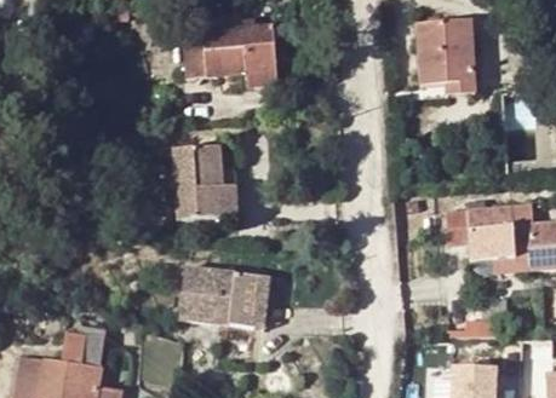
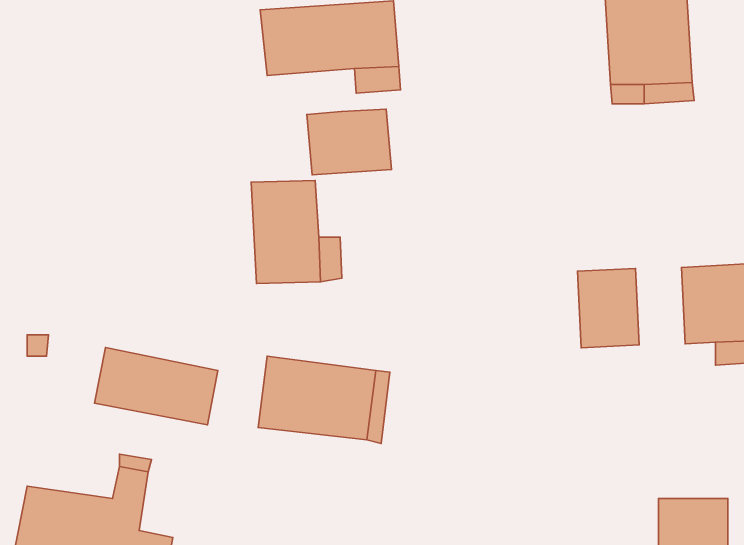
building: none -> [307,109,391,175]
building: none -> [577,268,639,348]
building: none -> [94,348,218,425]

